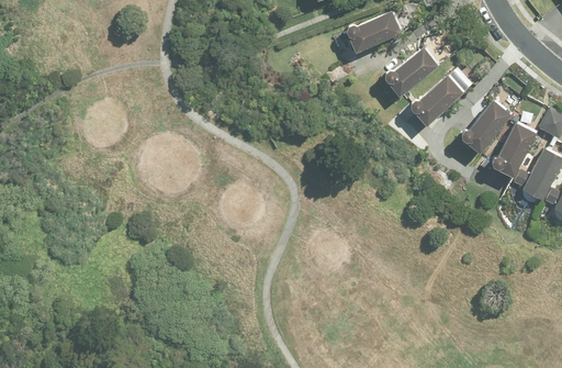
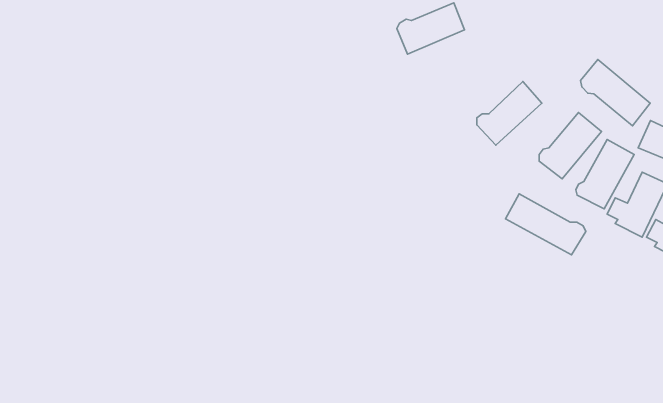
building: [382,47,438,98] -> none
building: none -> [580,60,650,126]
building: none -> [505,194,586,255]

